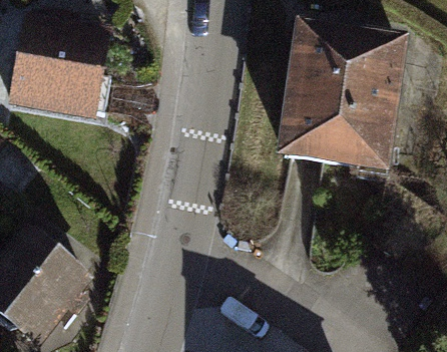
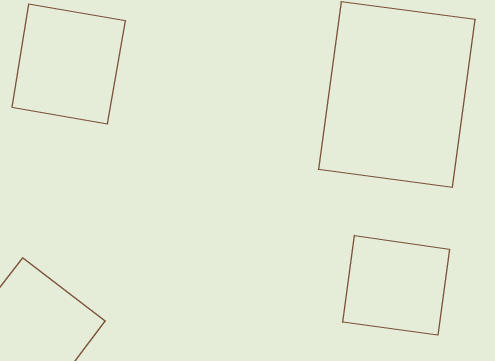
building: none -> [343,235,449,335]

